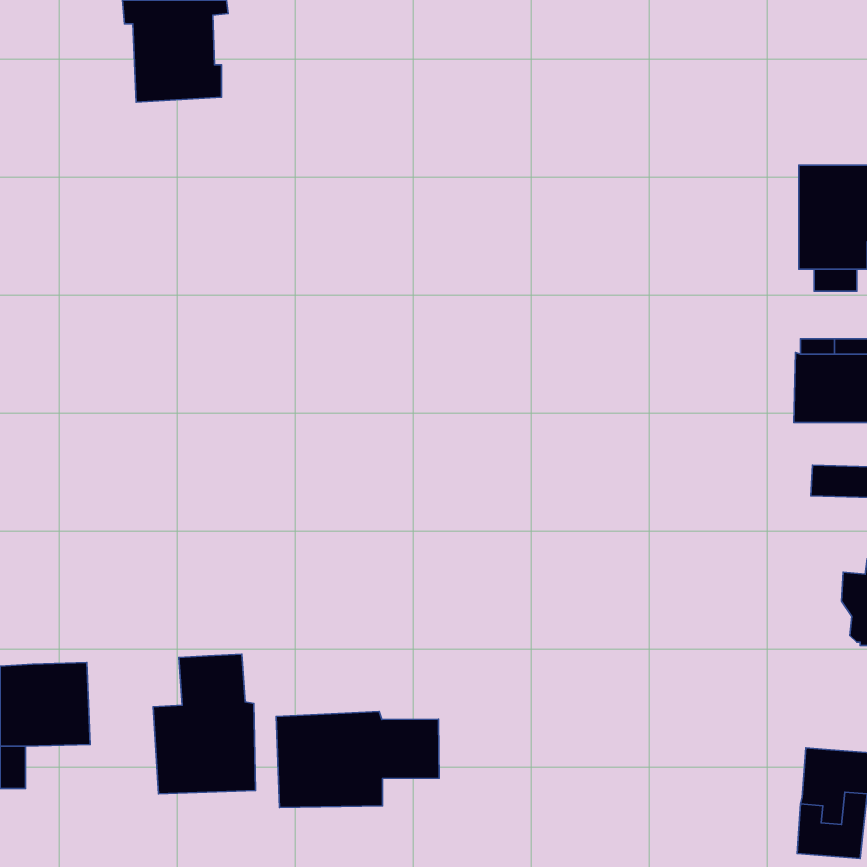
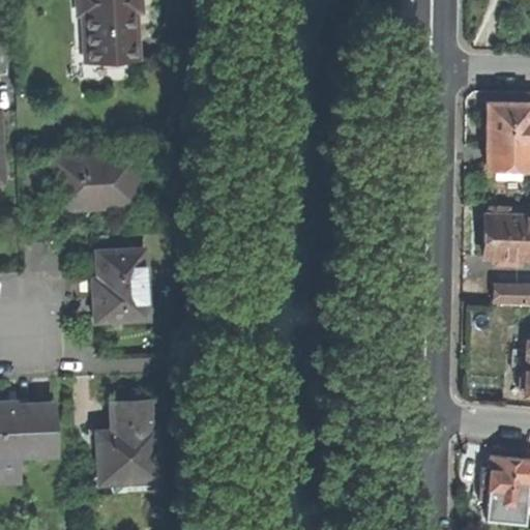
building: none -> [57,156,135,209]
building: none -> [91,249,147,325]
building: [276,712,439,808] -> none

